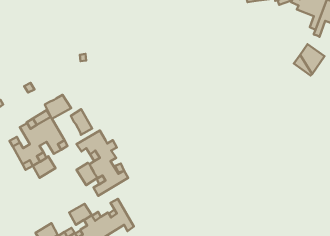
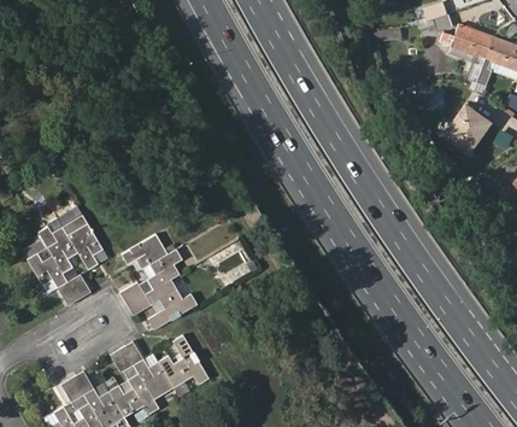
building: [45,95,71,119] -> none
building: [71,109,92,135] -> none

